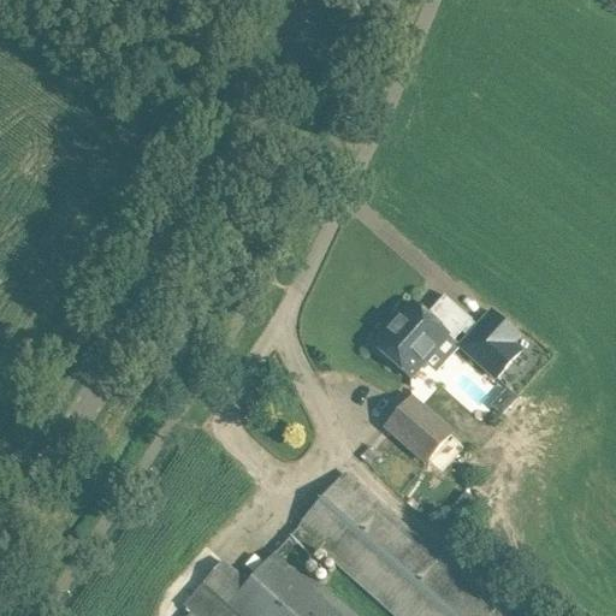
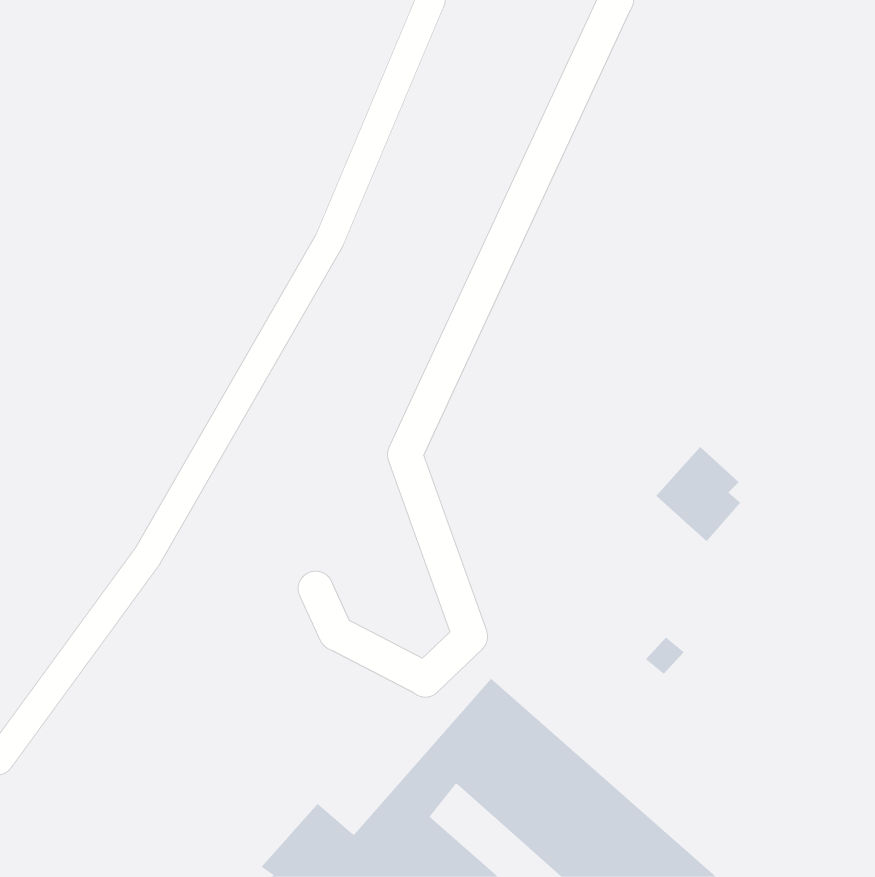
building: [374,296,472,379] -> none
building: [385,399,450,463] -> none

